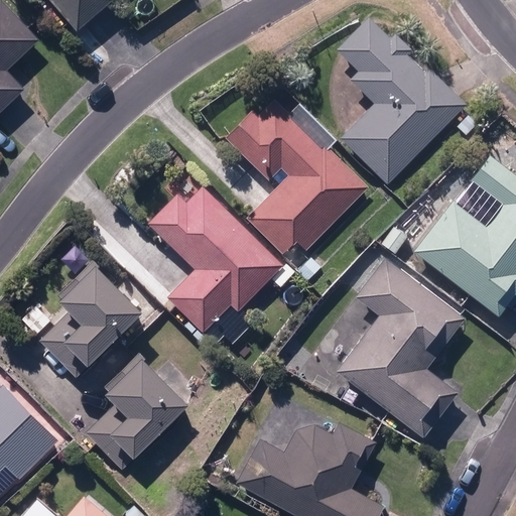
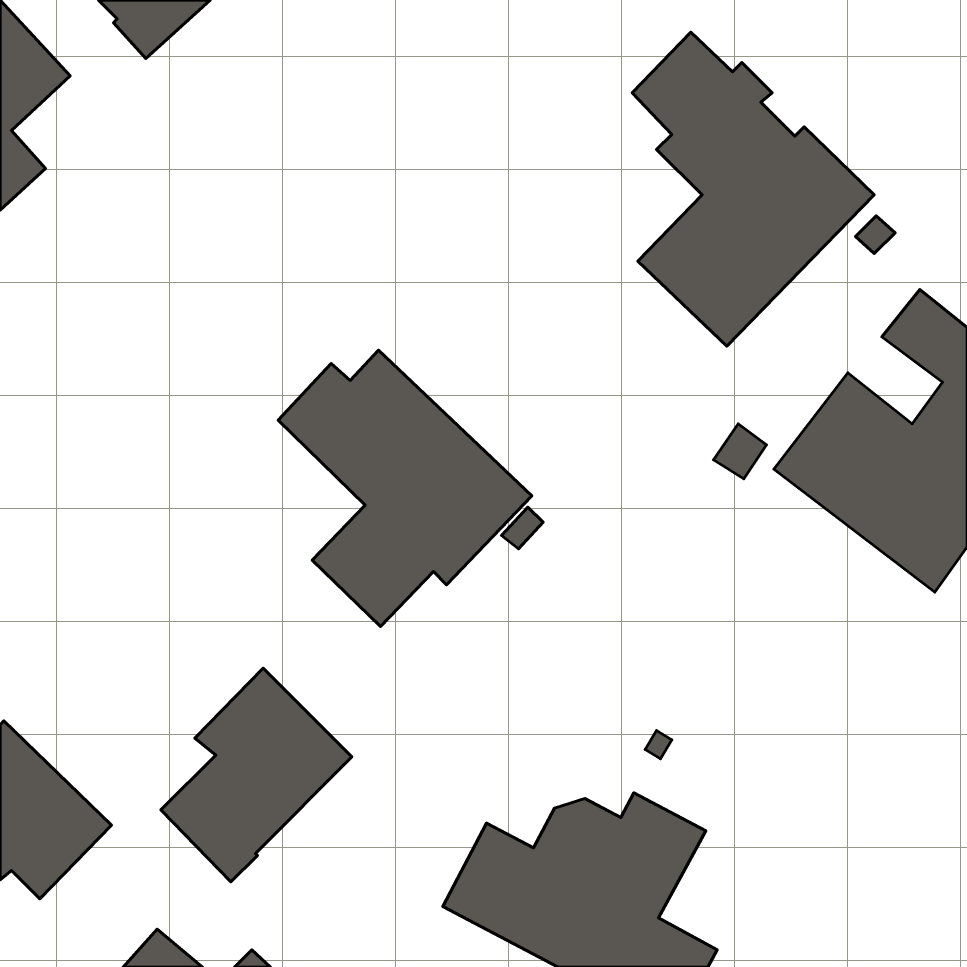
building: [225,100,367,255] -> none
building: [337,257,464,437] -> none
building: [39,263,141,378] -> none

